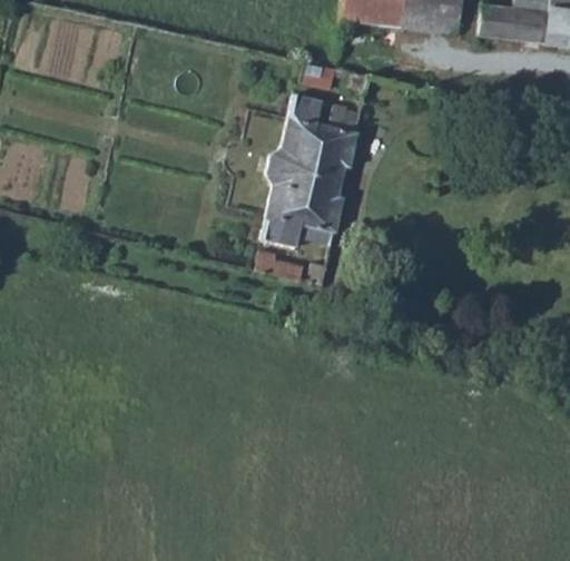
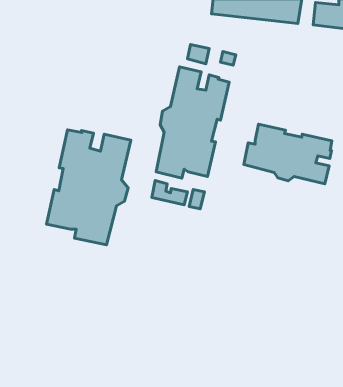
building: none -> [244,124,332,184]
building: none -> [46,130,131,245]

